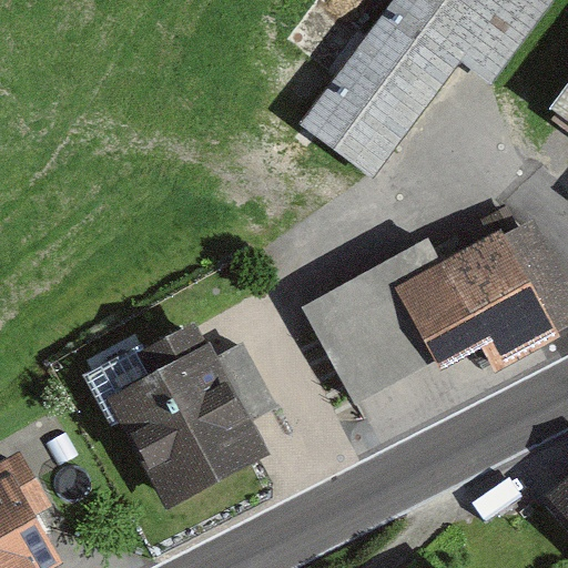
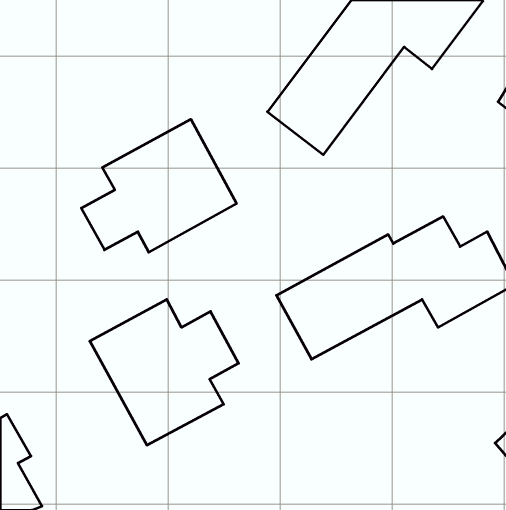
building: none -> [81,119,236,252]

